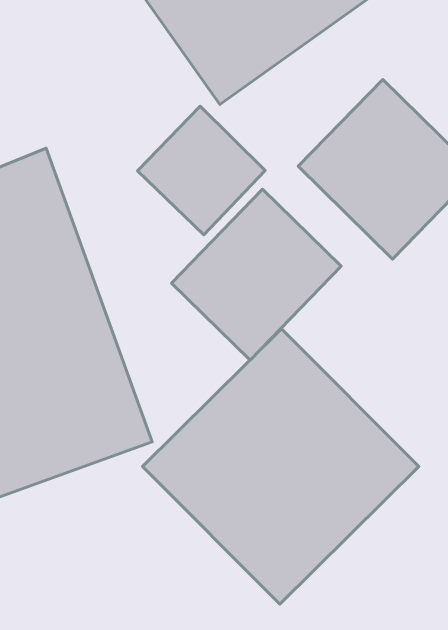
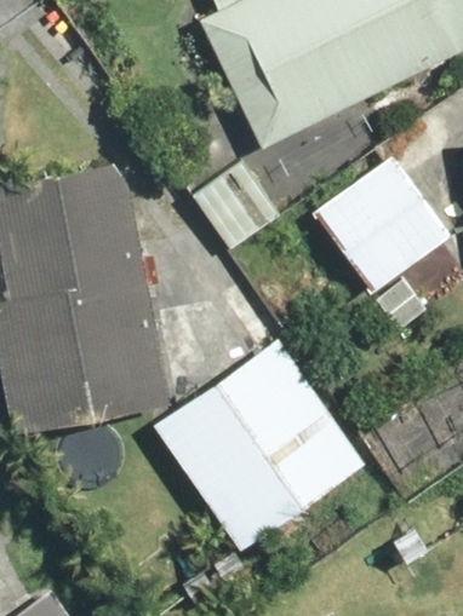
building: [171,189,341,360] -> none

